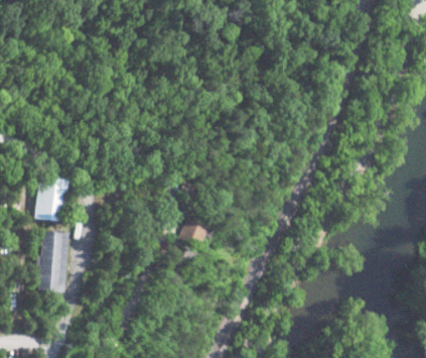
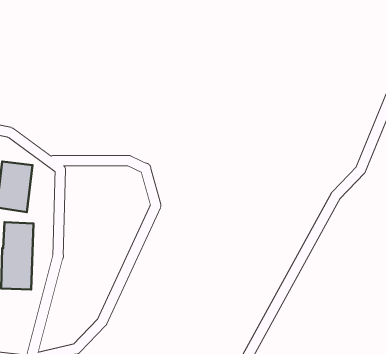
building: [177,219,205,246] -> none

